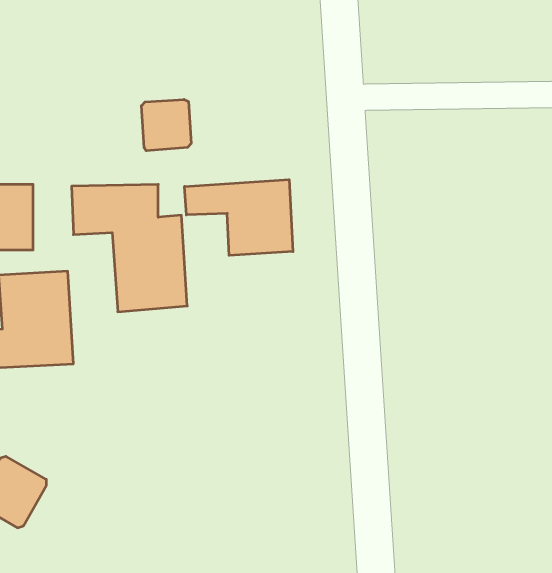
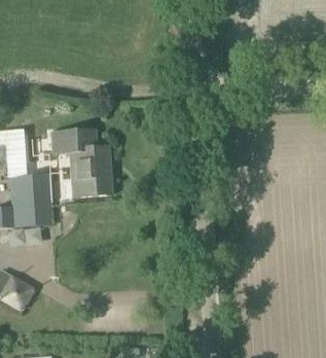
building: [141,99,191,151] -> none
building: [185,180,293,255] -> none

